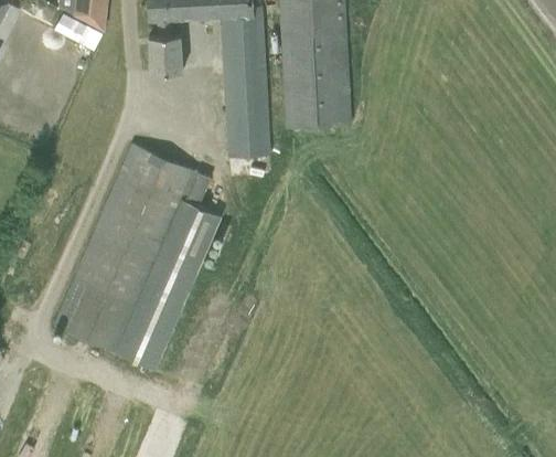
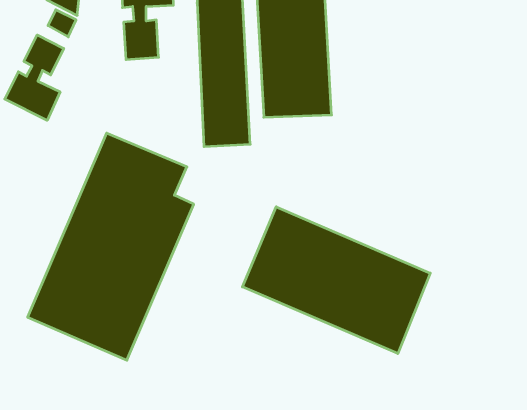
building: none -> [5,35,64,120]
building: none -> [242,207,430,354]

